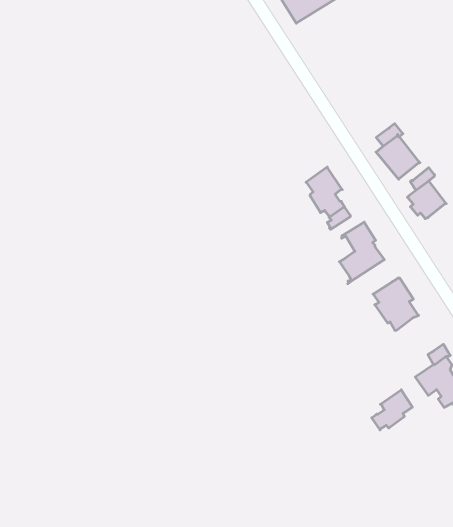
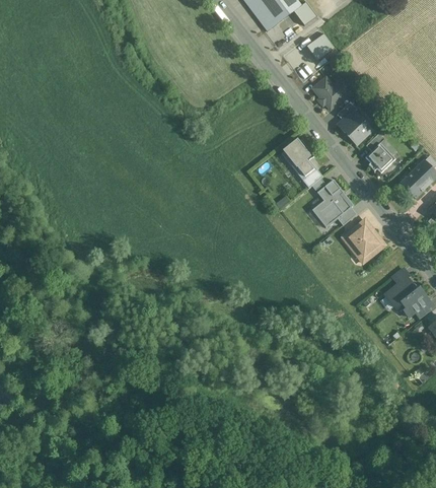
building: none -> [304,31,334,60]
building: none -> [311,76,350,109]
building: [372,390,412,430] -> none

